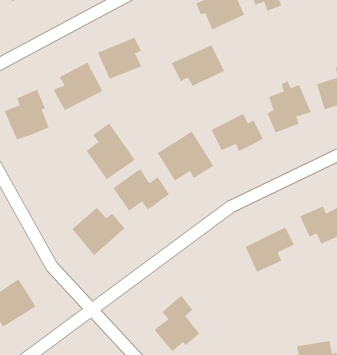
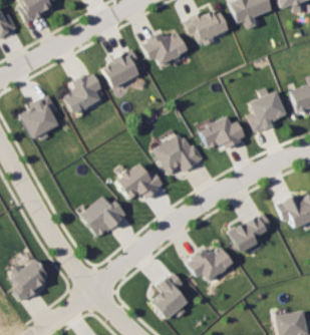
building: [171,44,225,86] -> [141,29,188,65]
building: [86,122,136,180] -> none
building: none -> [186,247,233,281]

